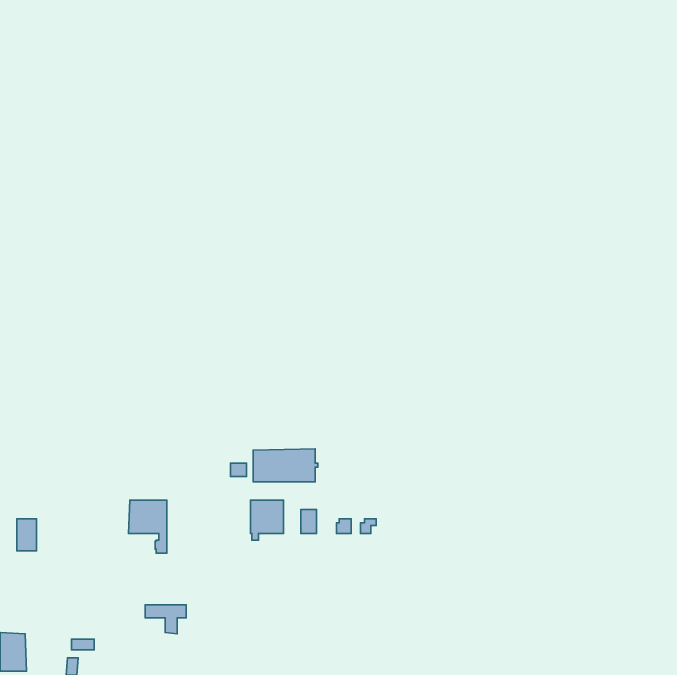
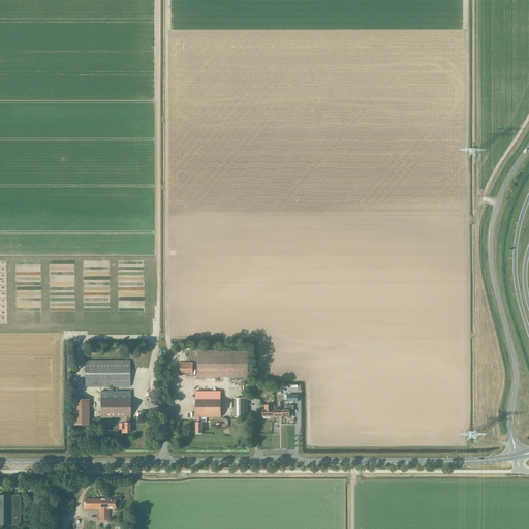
building: none -> [85,360,130,391]
building: [17,519,37,551] -> [73,399,89,424]
building: [145,605,186,634] -> [84,498,116,521]

